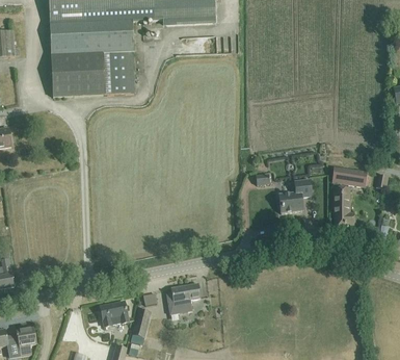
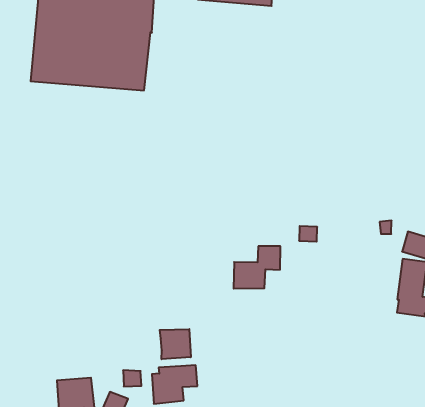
building: [278,178,312,212] -> [234,246,280,289]
building: none -> [160,329,191,359]

